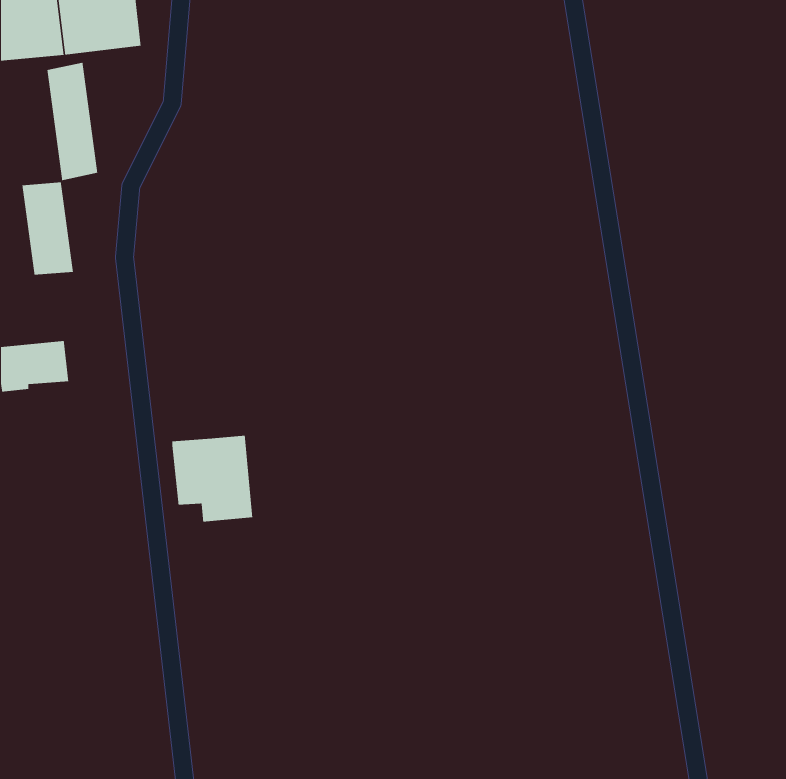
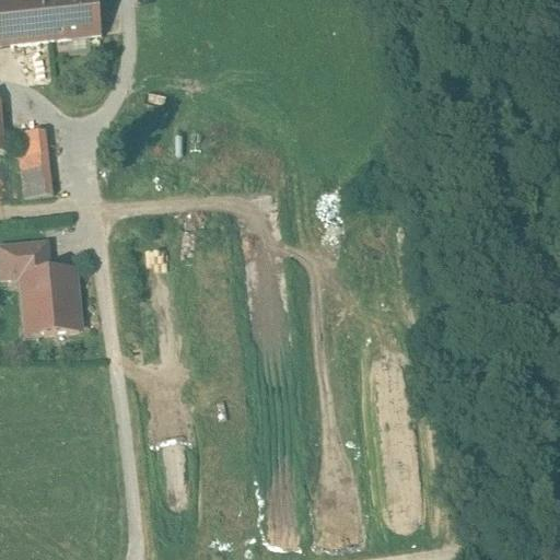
building: [46,62,98,181] -> none
building: [172,435,253,522] -> [21,269,79,331]

